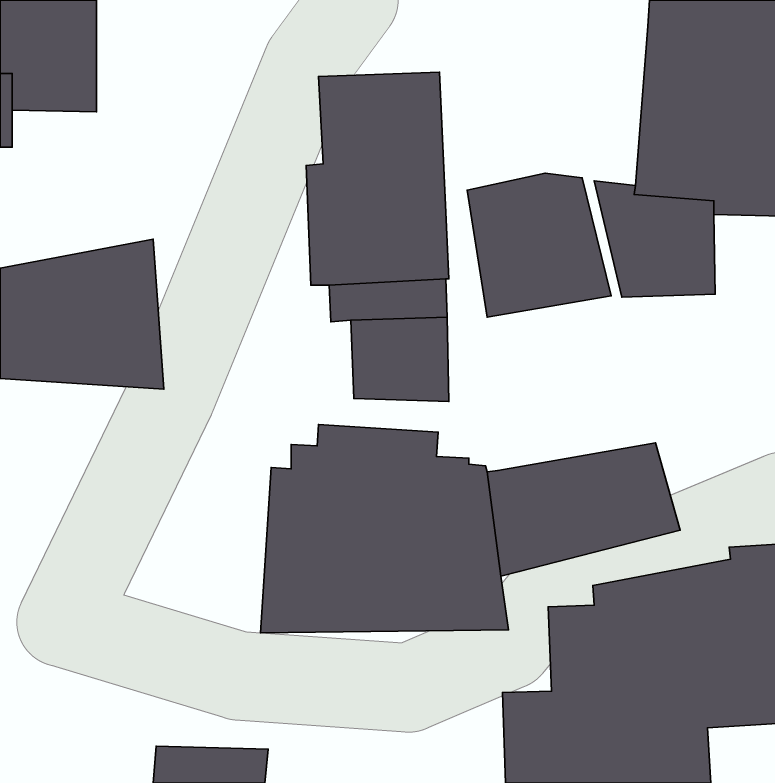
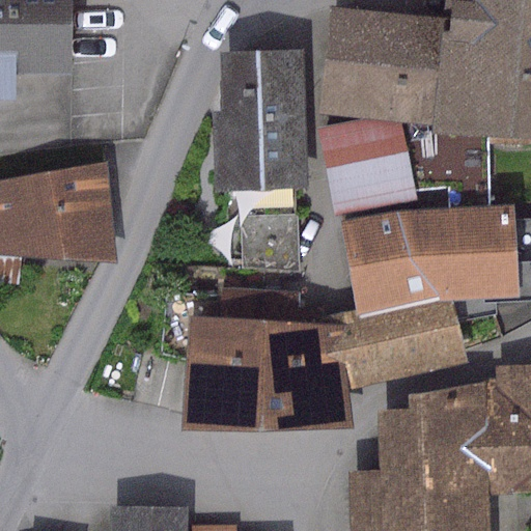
building: none -> [322,7,444,125]
building: none -> [341,206,516,312]

